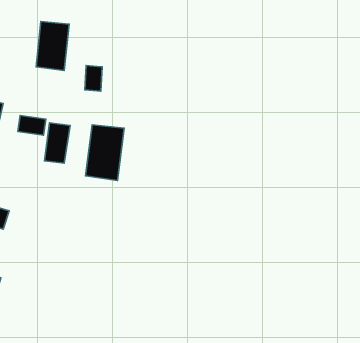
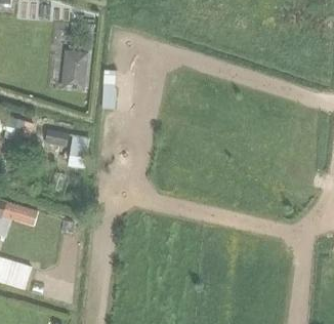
building: [86,125,124,180] -> none

